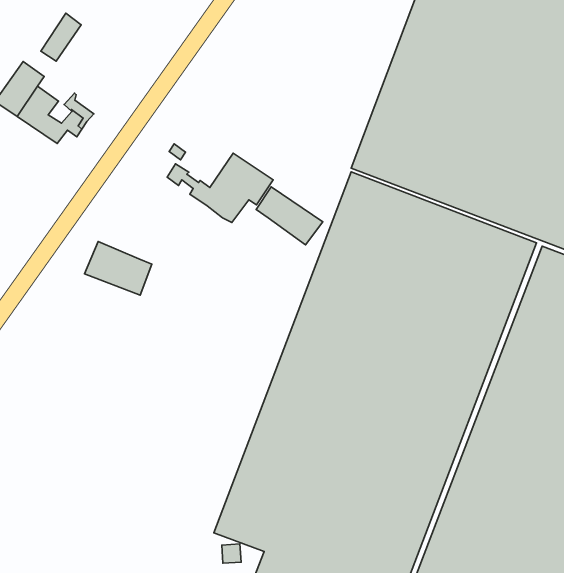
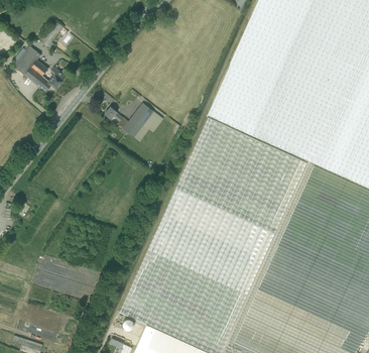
building: [256,187,323,245] -> none
building: [84,242,152,295] -> none

